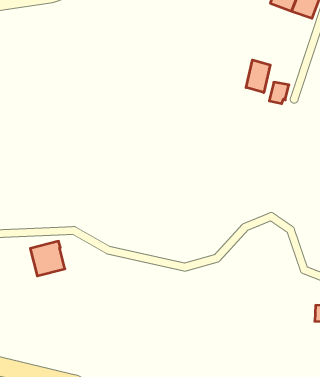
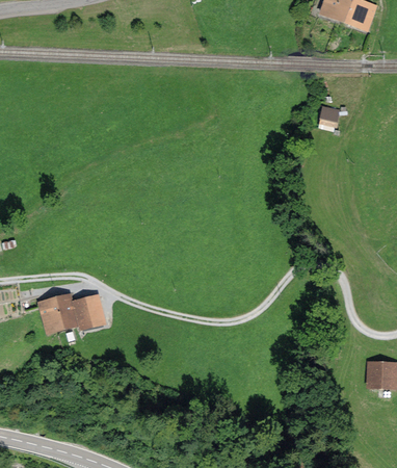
building: [246,60,270,93] -> none
building: none -> [72,293,106,331]

